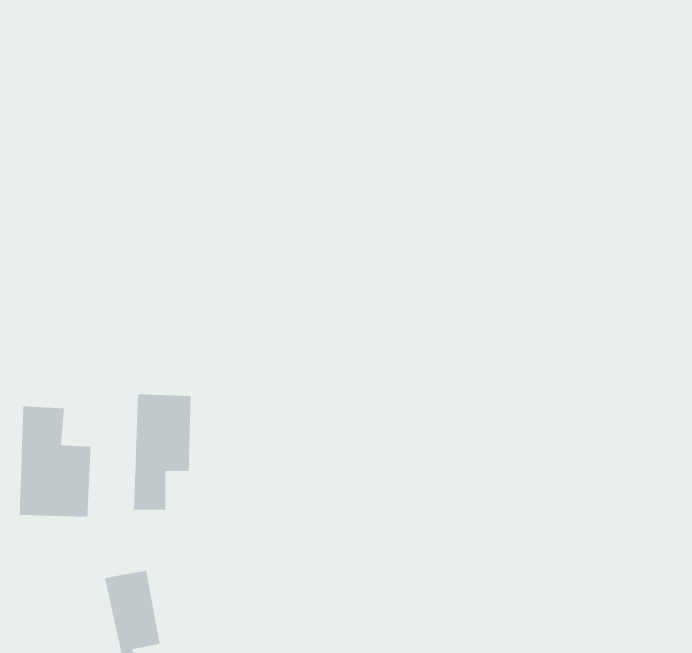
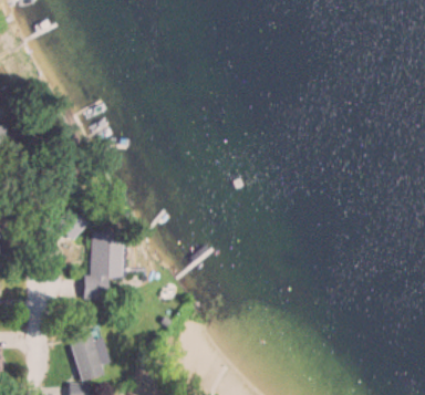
building: [19,406,91,518] -> none

